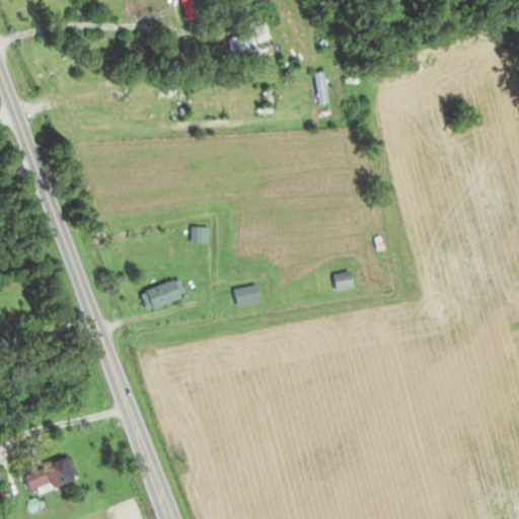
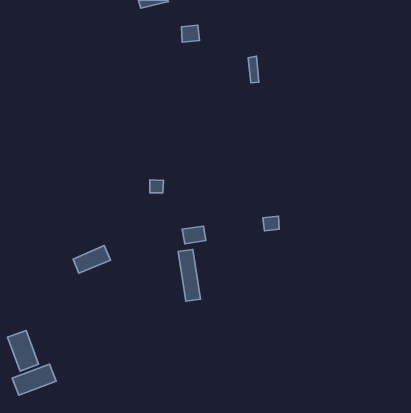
building: [140,277,187,311] -> [73,245,111,273]
building: none -> [178,249,201,301]
building: none -> [8,331,39,371]

